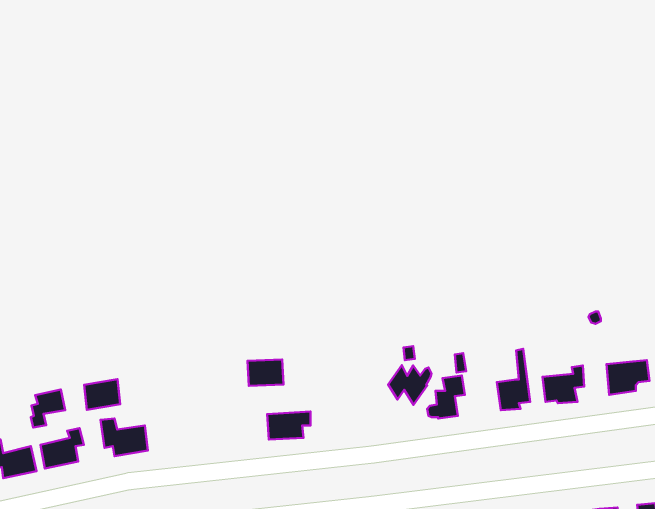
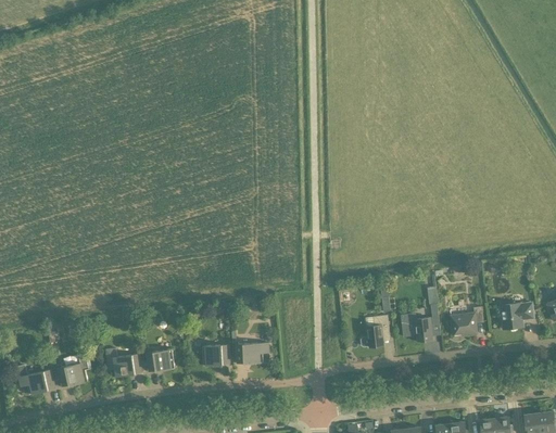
building: [247,359,284,386] -> [201,344,229,365]
building: [388,365,431,405] -> none
building: [84,379,120,410] -> [146,348,174,372]
building: [31,389,65,428] -> none

